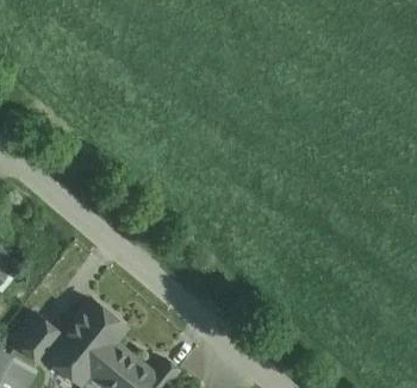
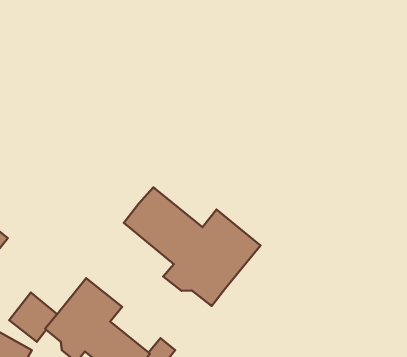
building: none -> [124,187,261,306]

